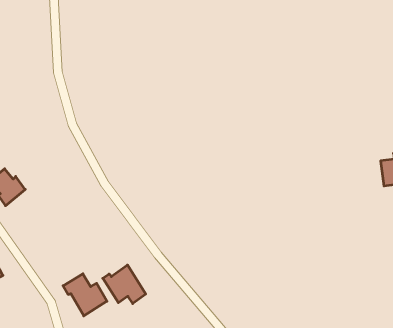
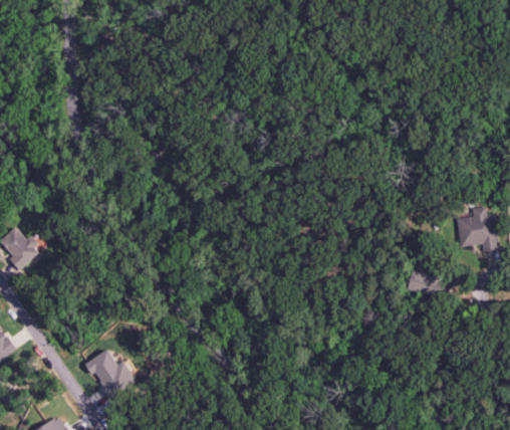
building: none -> [408,267,444,297]
building: [103,265,146,304] -> none

